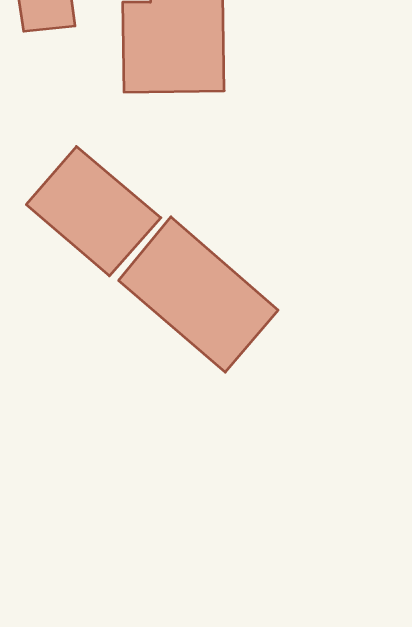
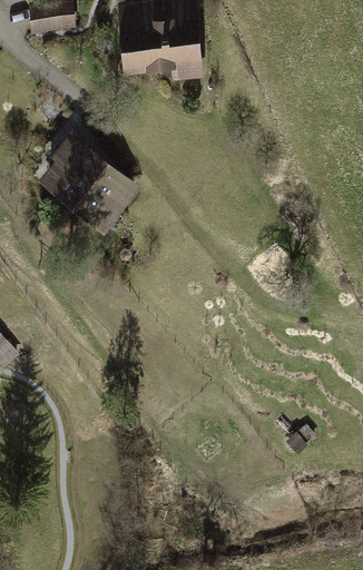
building: [119,217,278,372] -> none

